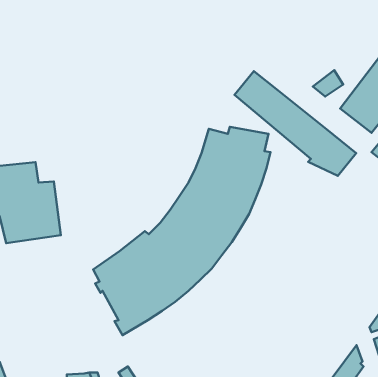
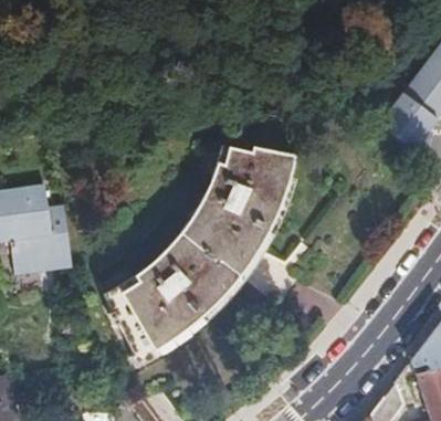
building: [234,71,356,176] -> none

